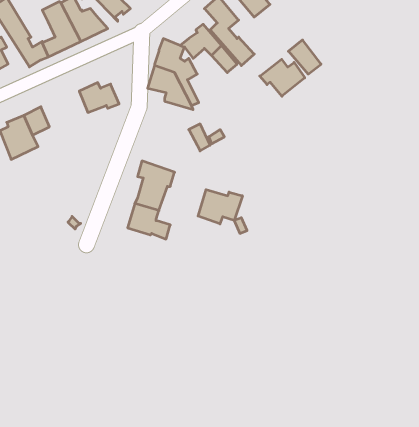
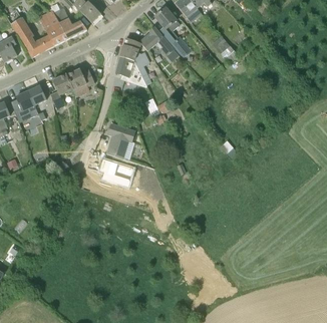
building: [260,59,305,96] -> none
building: none -> [50,73,72,107]
building: [198,190,242,224] -> none

